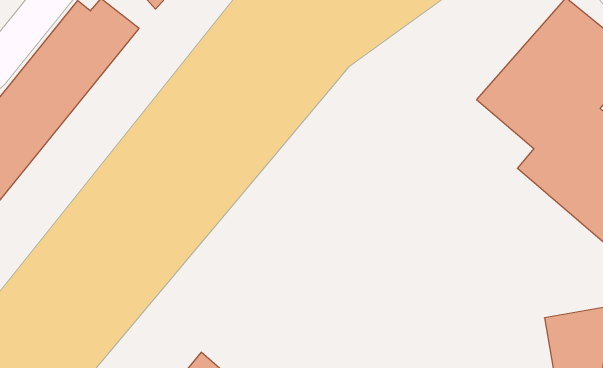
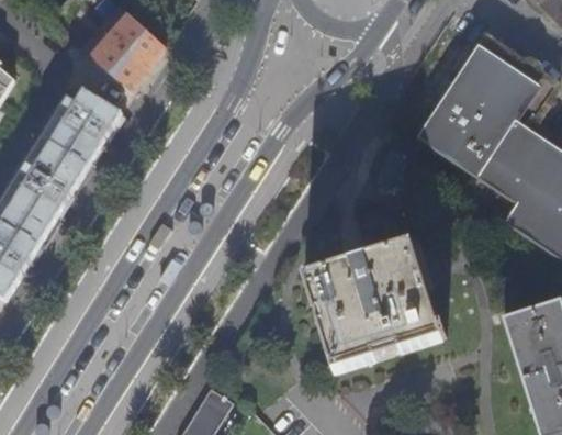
building: none -> [304,241,448,370]

